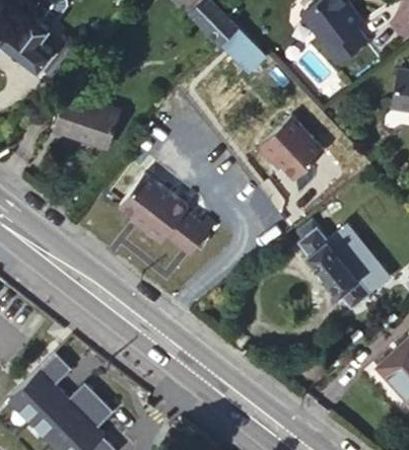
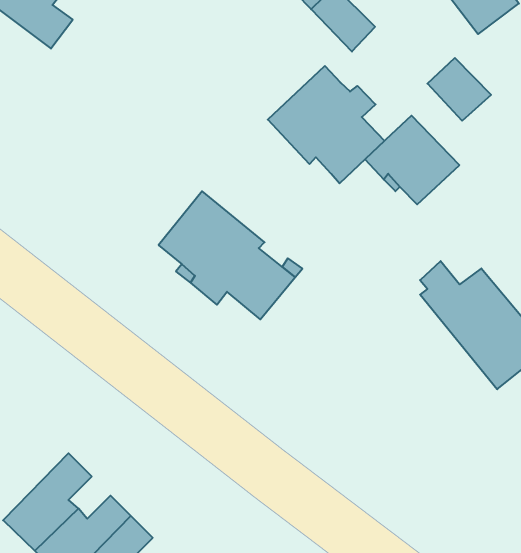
building: none -> [427,58,491,121]
building: none -> [268,66,384,183]
building: [55,92,119,148] -> none

